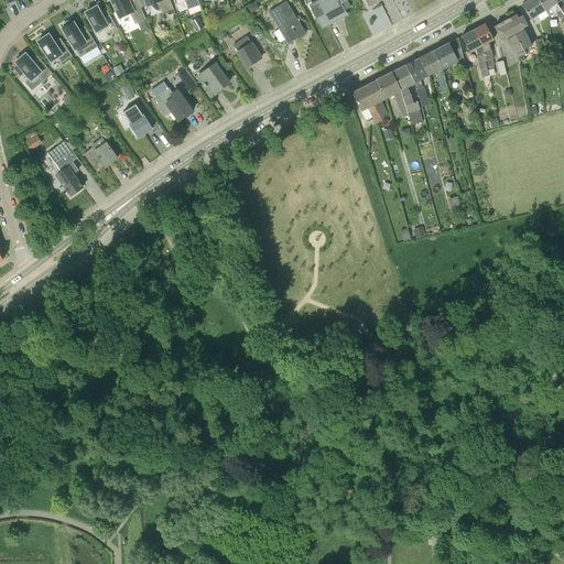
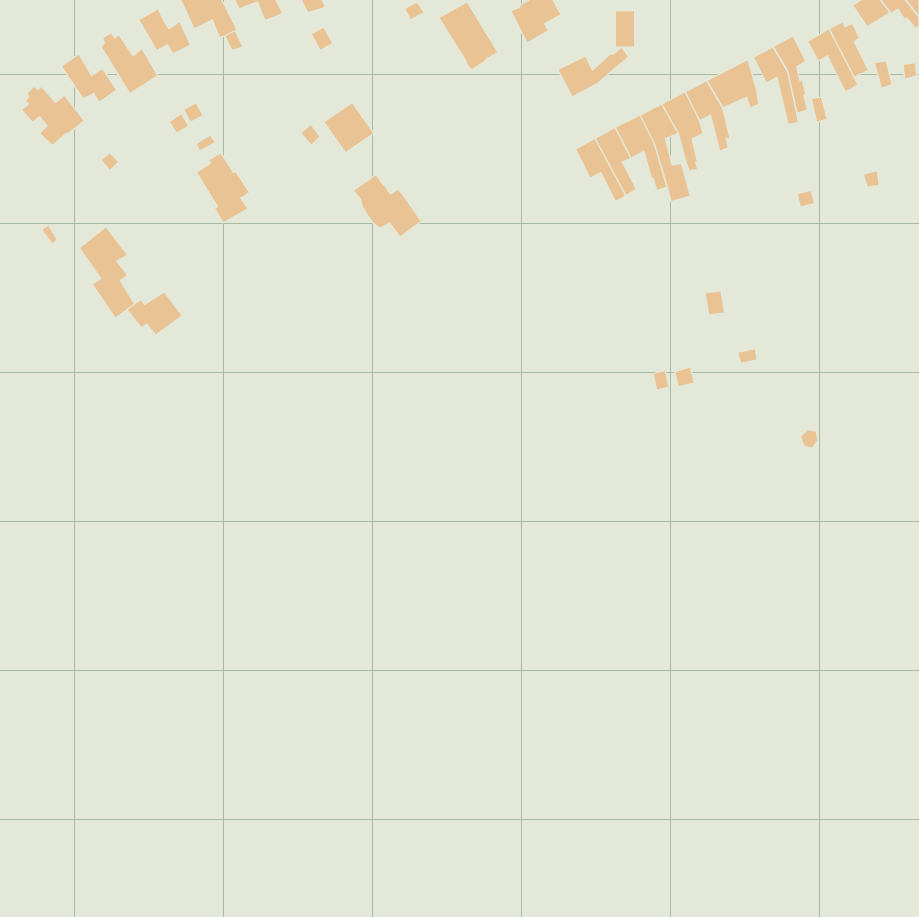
building: none -> [558,47,629,97]
building: [234,35,261,66] -> none
building: [150,80,192,119] -> [353,174,422,237]
building: [84,142,118,169] -> [127,292,183,335]

